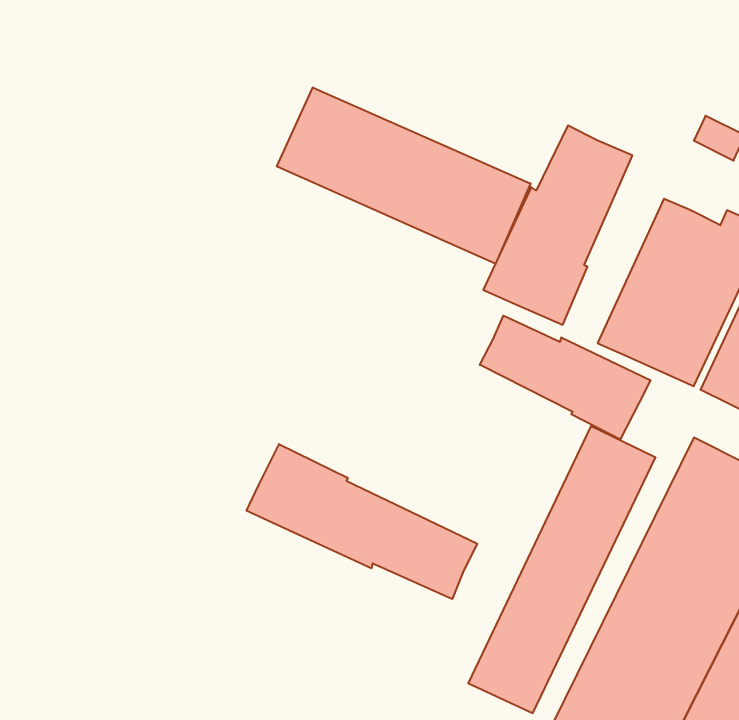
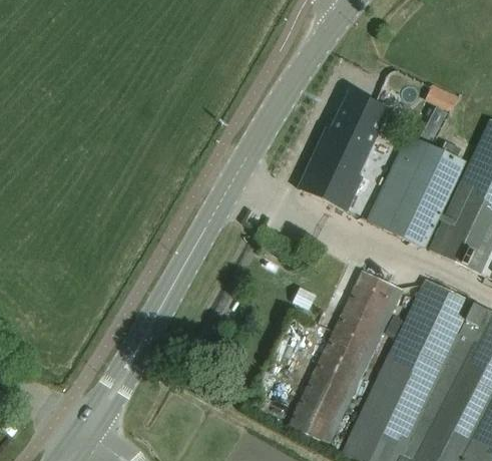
building: [277,87,531,264] -> none
building: [480,316,650,440] -> none
building: [247,444,477,599] -> none

